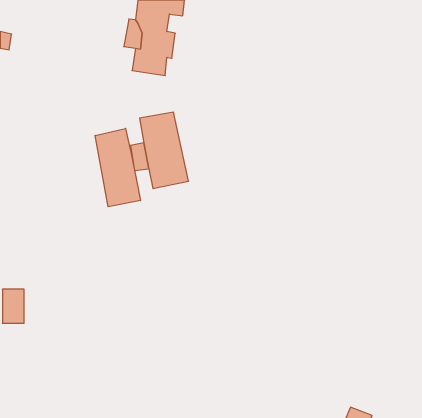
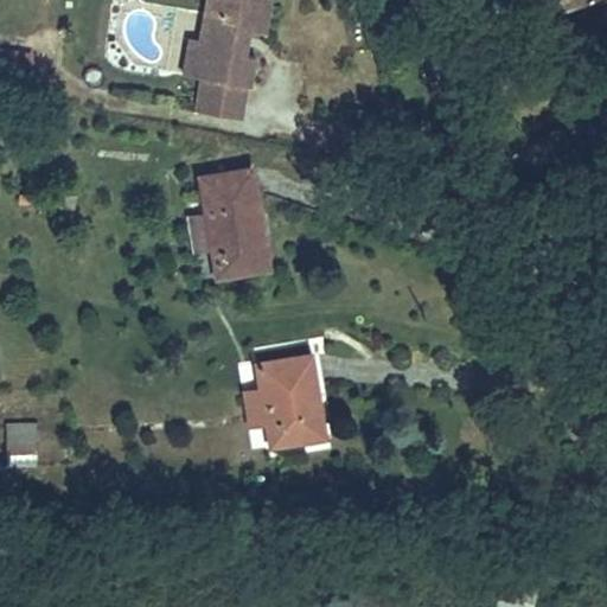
building: [95,128,140,207] -> none
building: none -> [260,360,324,449]

